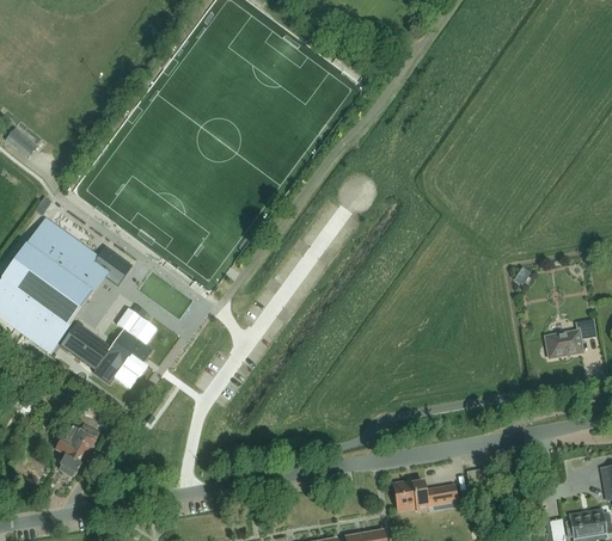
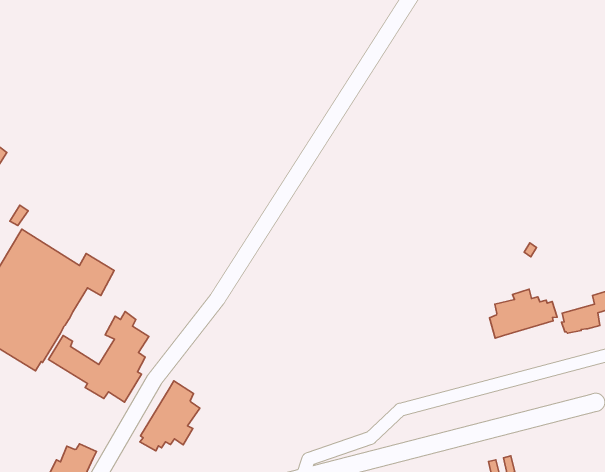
building: none -> [490,289,557,338]
building: none -> [140,381,200,451]

